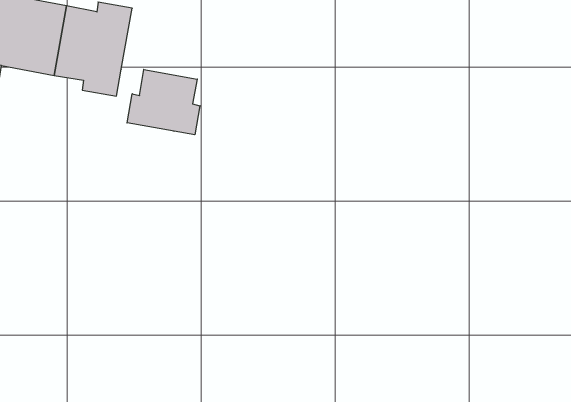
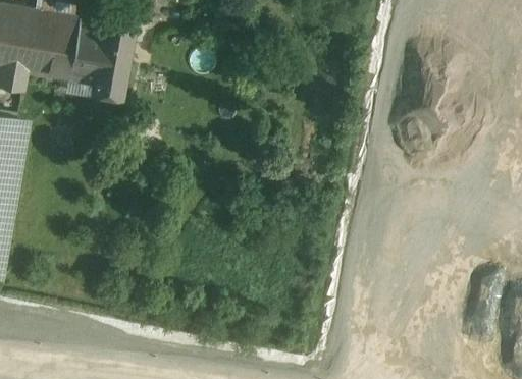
building: [127,69,200,135] -> none

